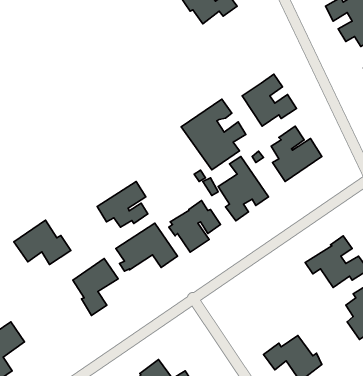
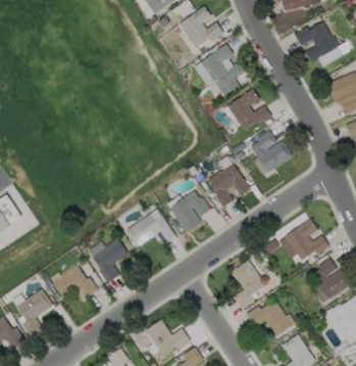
building: [181,99,246,170] -> [195,43,247,100]
building: [97,181,148,227] -> none
building: [14,220,71,264] -> [52,265,98,301]
building: none -> [233,260,269,309]

